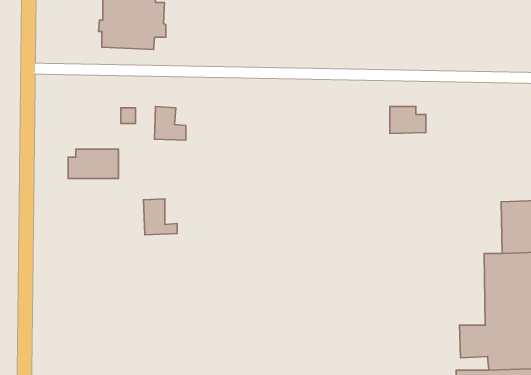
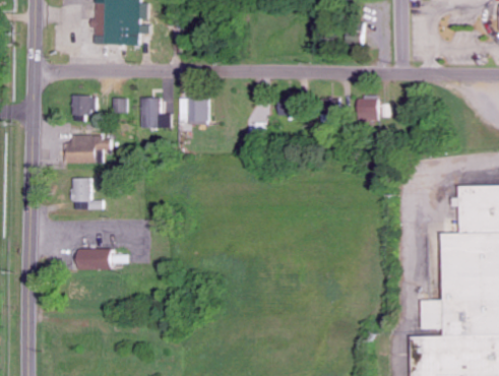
building: none -> [73,97,95,123]
building: none -> [178,100,210,123]
building: [144,199,177,235] -> [71,179,102,211]
building: none -> [80,250,116,270]

